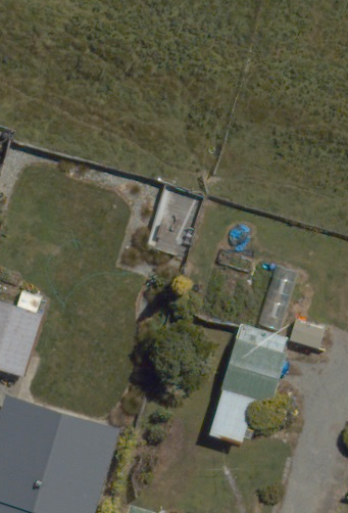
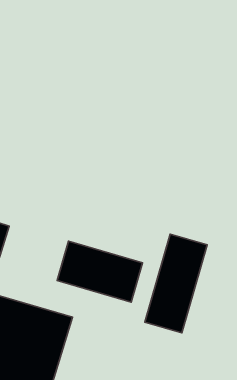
building: none -> [57,241,142,302]

